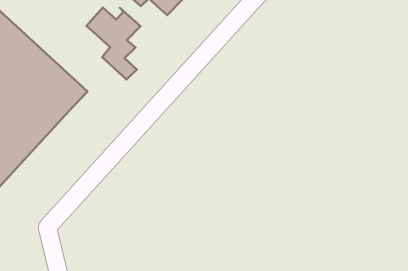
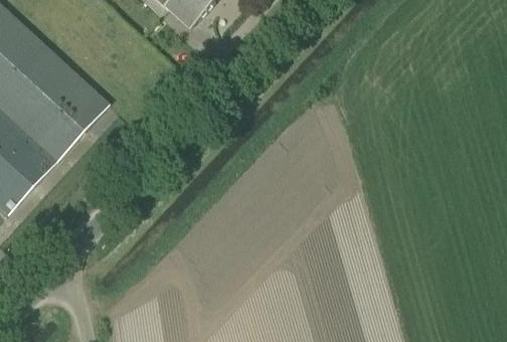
building: [87,7,141,79] -> none

